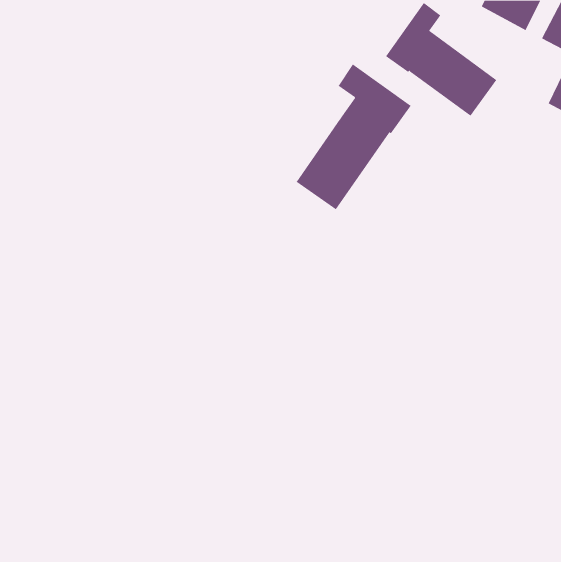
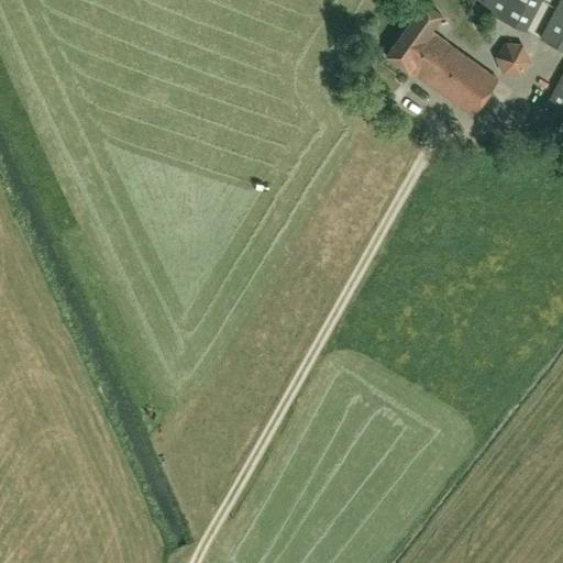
building: none -> [495,43,532,76]
building: [296,64,411,210] -> none

